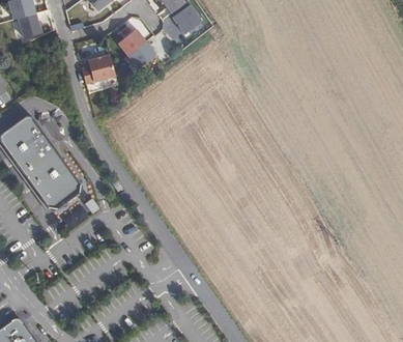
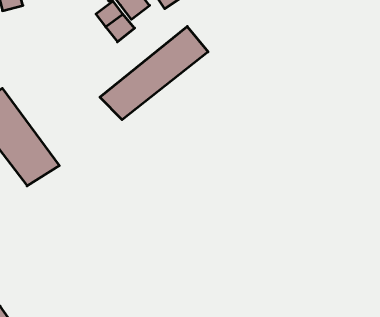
building: none -> [100,26,208,120]
building: [82,54,115,83] -> none

